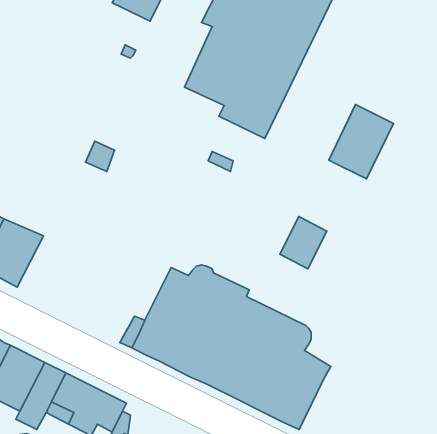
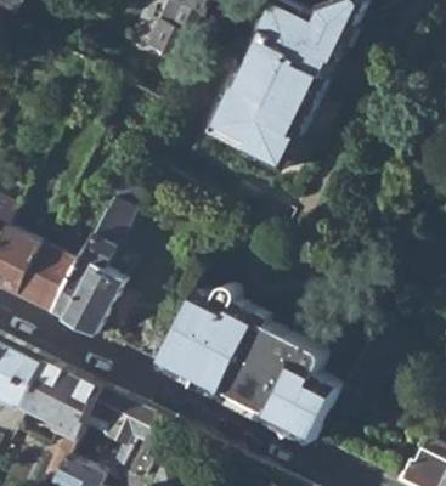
building: [329,105,393,179] -> none
building: none -> [52,196,130,334]
building: [280,217,327,269] -> none

